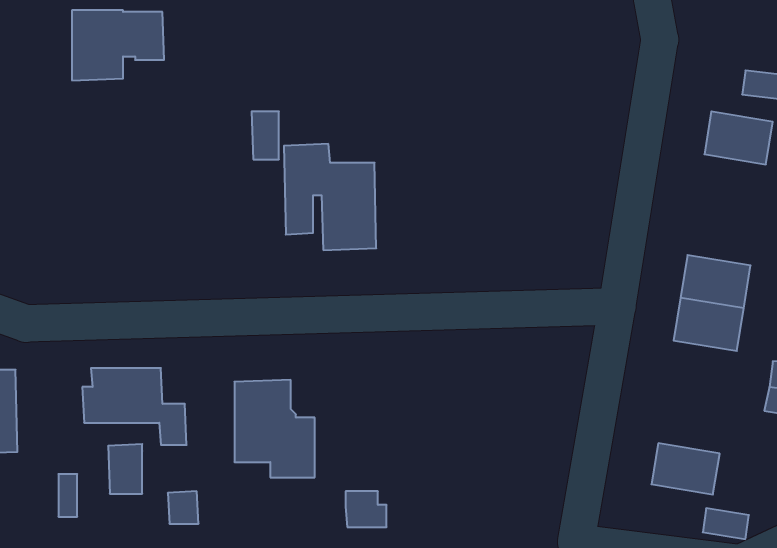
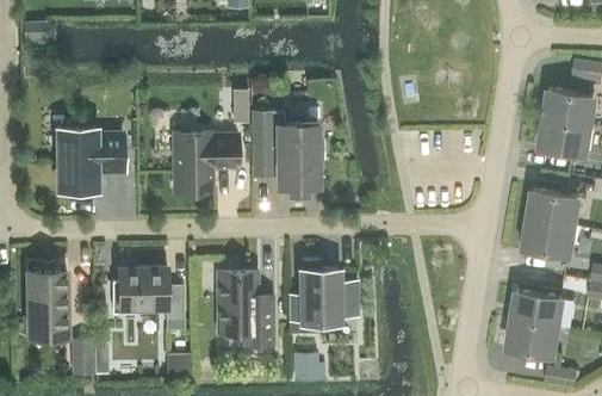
building: [72,10,164,80] -> [60,135,124,184]
building: none -> [541,119,589,155]
building: none -> [175,134,238,186]
building: none -> [290,271,356,334]
building: none -> [514,291,561,328]
building: [108,444,142,494] -> [72,338,95,372]

